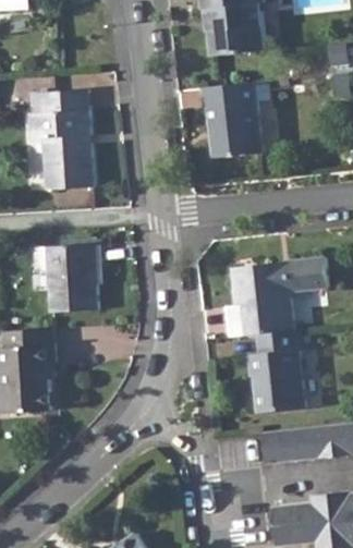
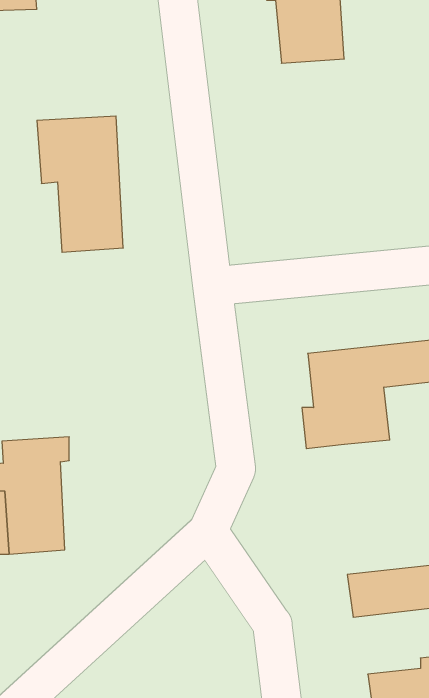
building: [199,78,259,153] -> none
building: [35,243,101,312] -> none
building: [248,327,312,414] -> none

